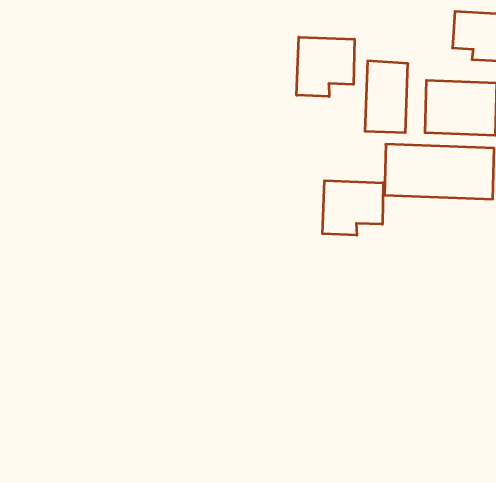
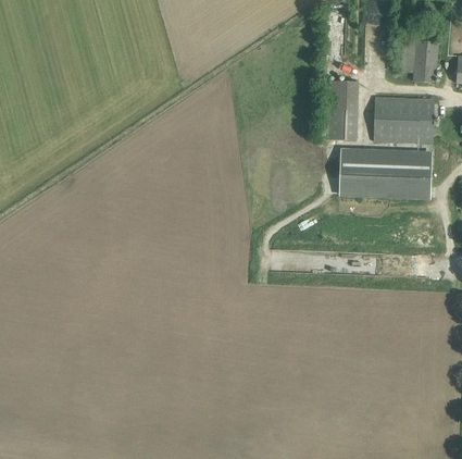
building: [297,37,354,97] -> none
building: [323,181,383,235] -> none

